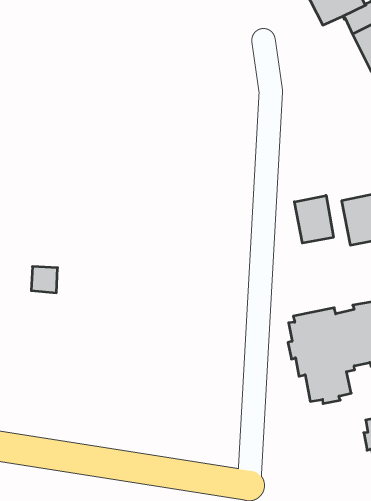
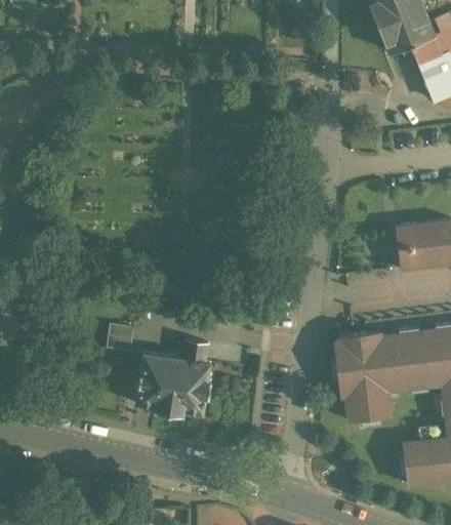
building: [294,195,333,243] -> none
building: [31,267,58,293] -> [106,324,133,352]
building: none -> [134,340,211,415]

